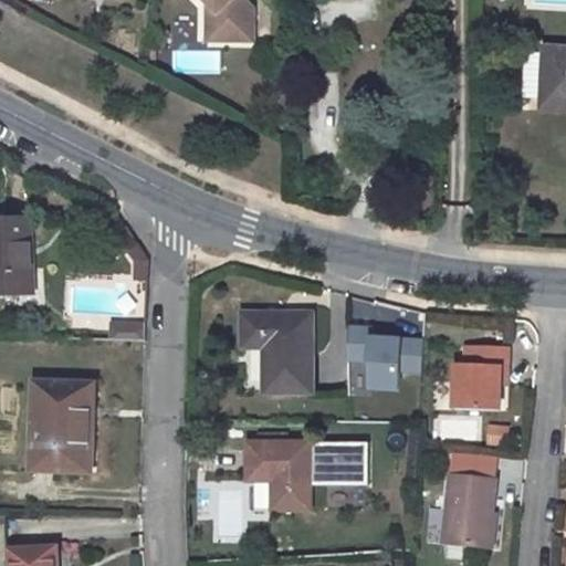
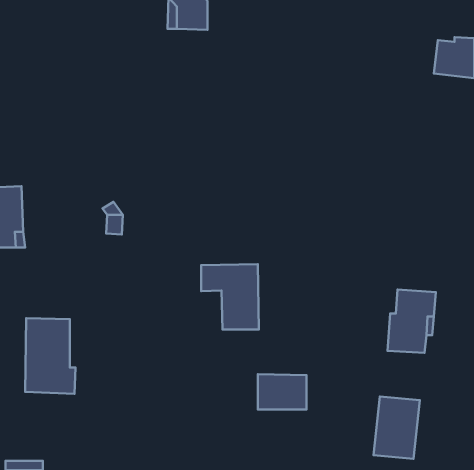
building: [352,326,428,387] -> none
building: [245,443,306,510] -> none
building: [451,448,501,475] -> none

